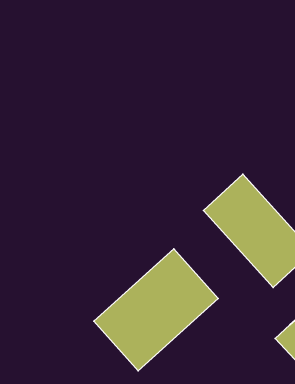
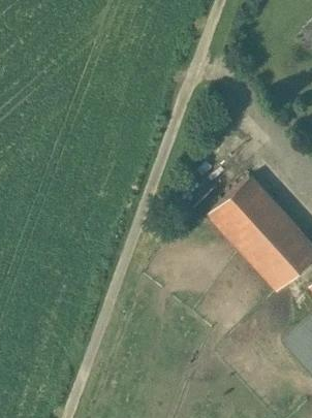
building: [94,249,218,371] -> none

